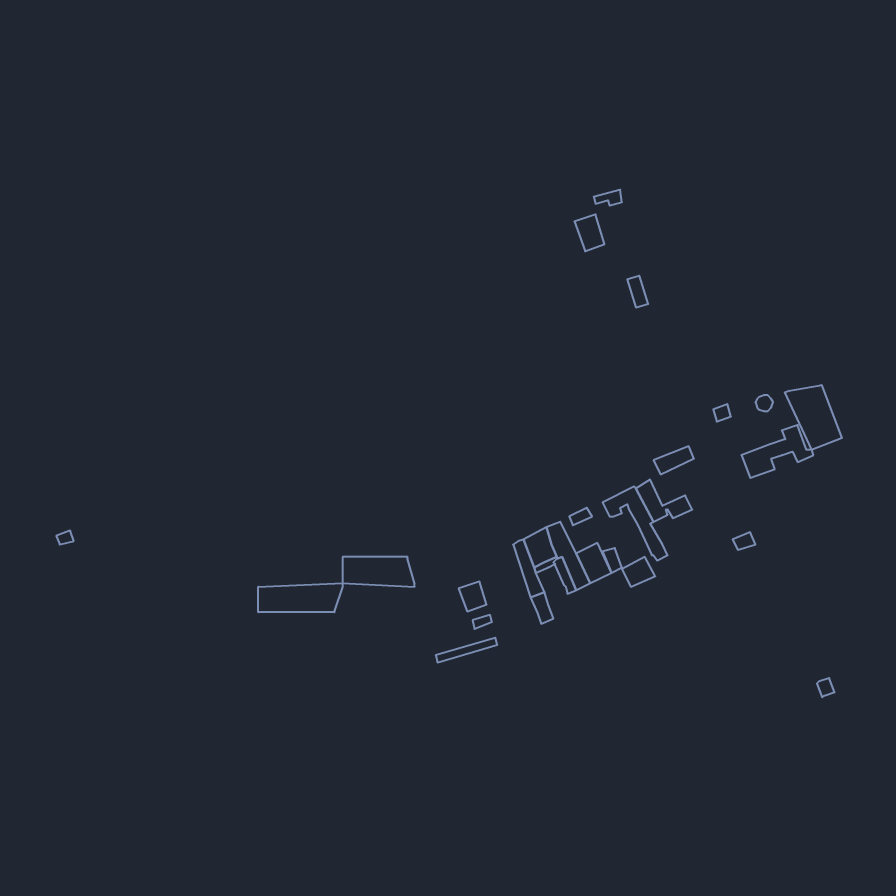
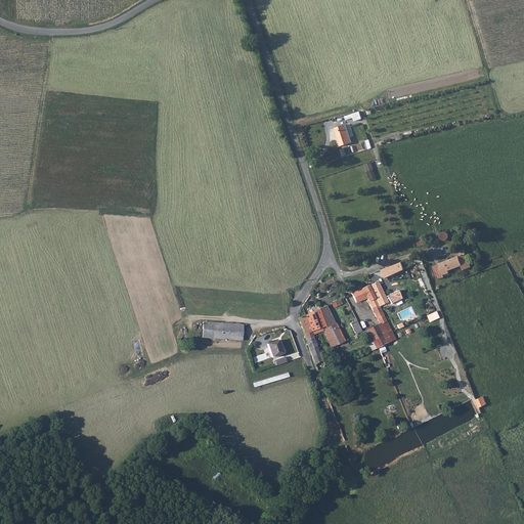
building: [785,385,842,450] -> none
building: [258,583,343,612] -> none

